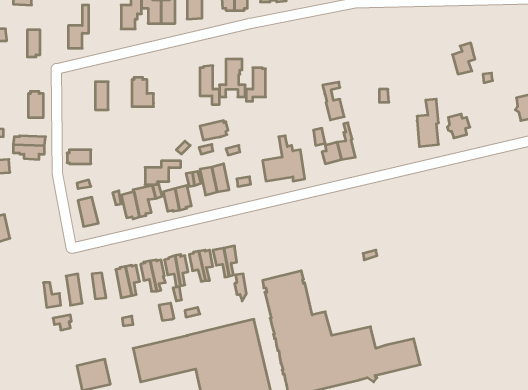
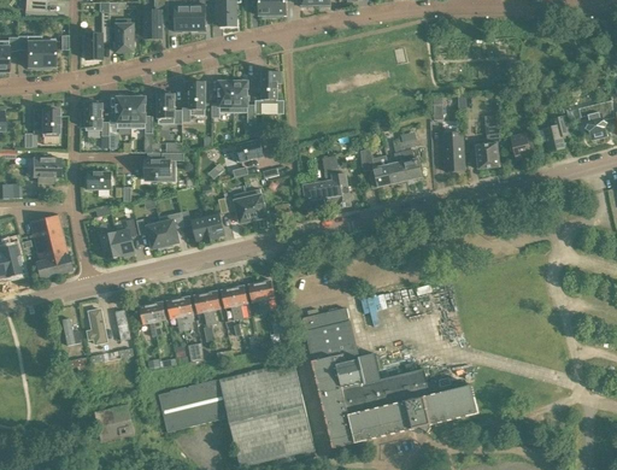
building: none -> [116,19,133,51]
building: none -> [16,35,40,69]
building: [452,43,475,74] -> [542,116,568,151]
building: none -> [181,81,205,121]
building: [246,68,266,101] -> [211,80,233,117]
building: none -> [130,94,152,133]
building: [323,82,344,120] -> [398,139,422,181]
building: none -> [84,101,108,135]
building: none -> [442,133,464,171]
building: [145,161,181,185] -> [143,153,183,180]
building: none -> [29,215,71,278]
building: none -> [112,222,136,254]

